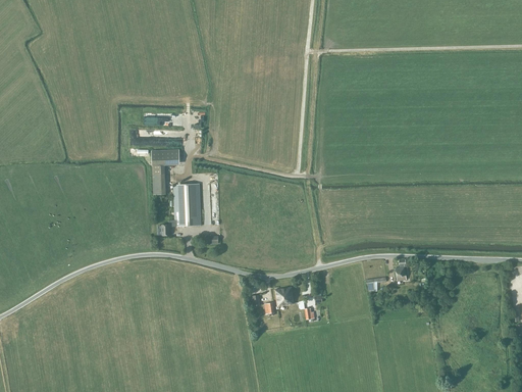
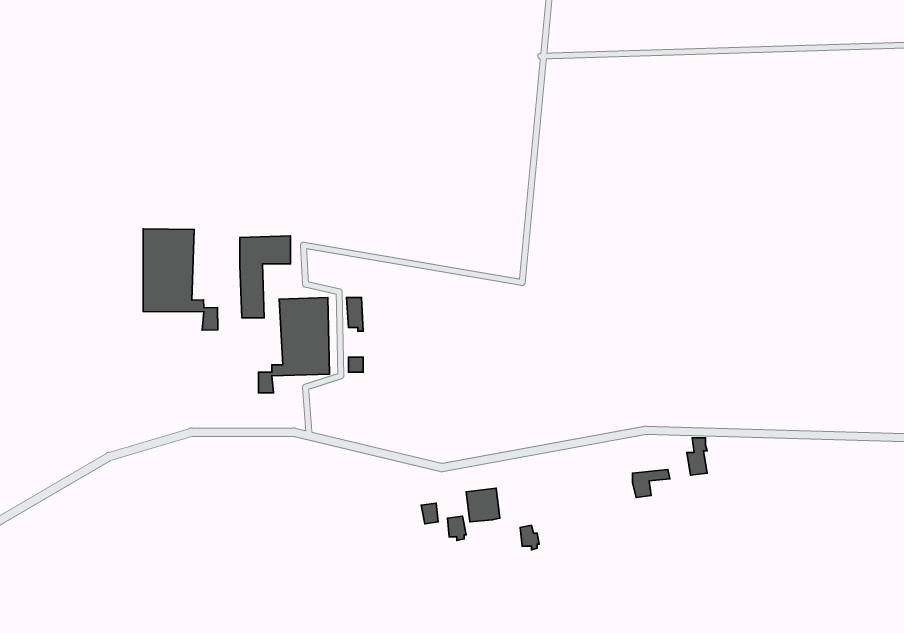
building: none -> [143,229,218,330]

